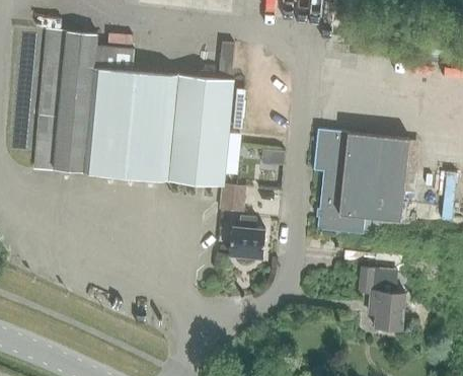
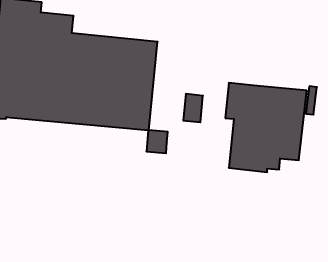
building: [228,217,263,258] -> none
building: [358,255,403,331] -> none

